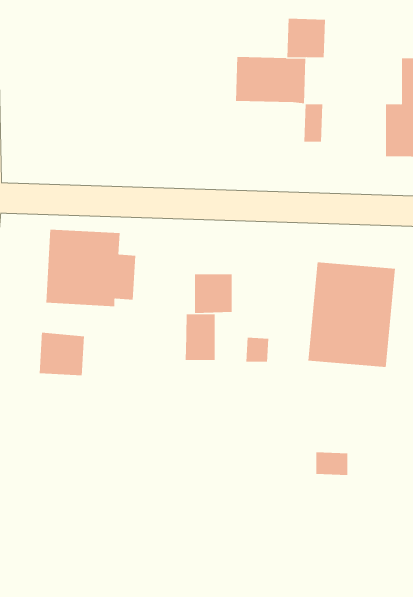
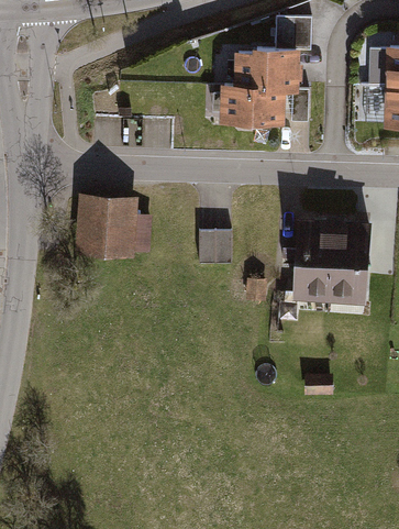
building: none -> [224,85,284,119]
building: [185,313,215,361] -> none
building: [39,332,85,376] -> none

